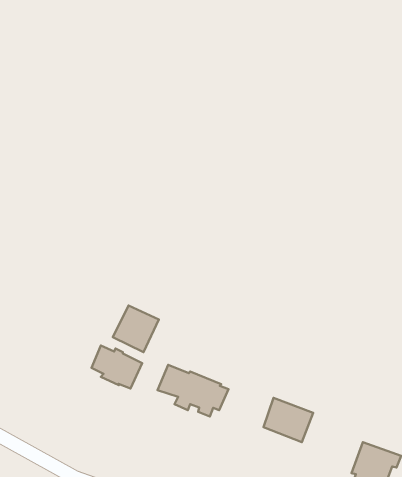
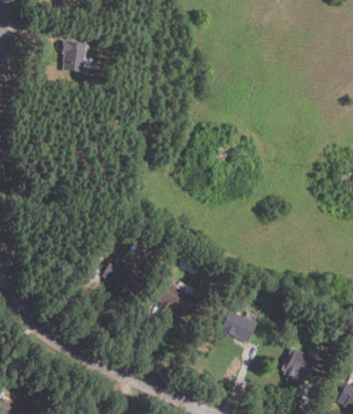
building: none -> [60,39,92,71]
building: [113,305,159,352] -> none

